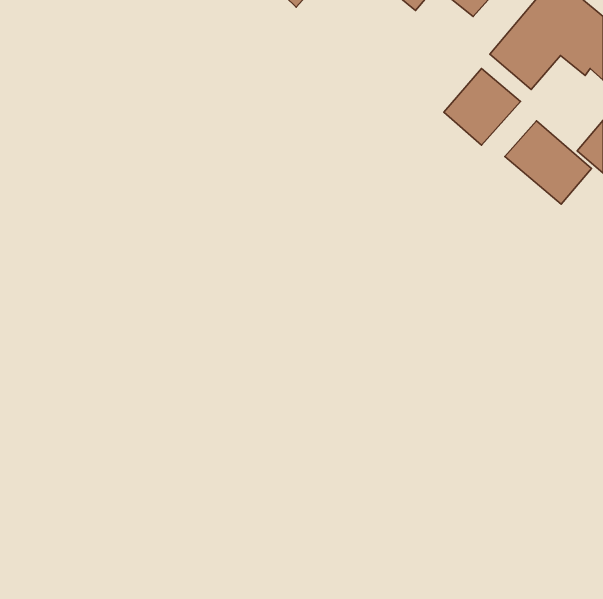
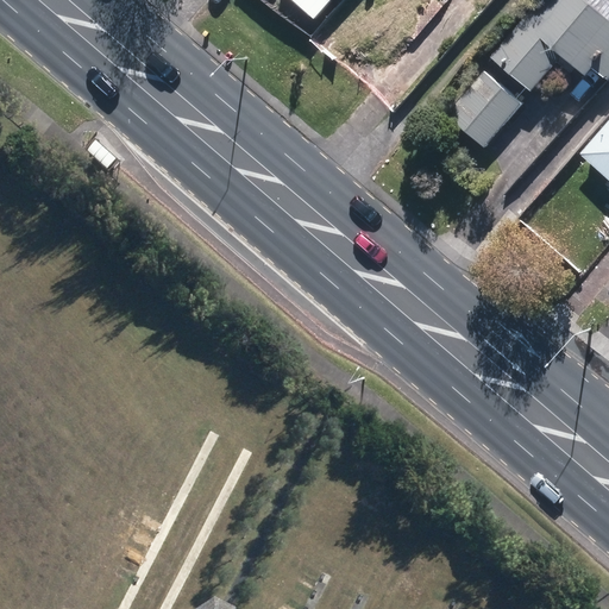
building: [505,121,592,204] -> none

